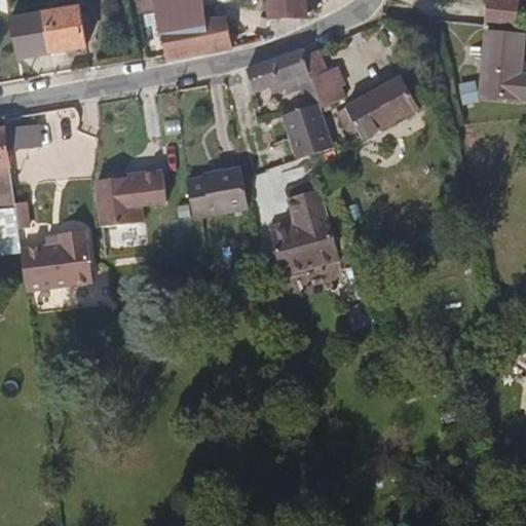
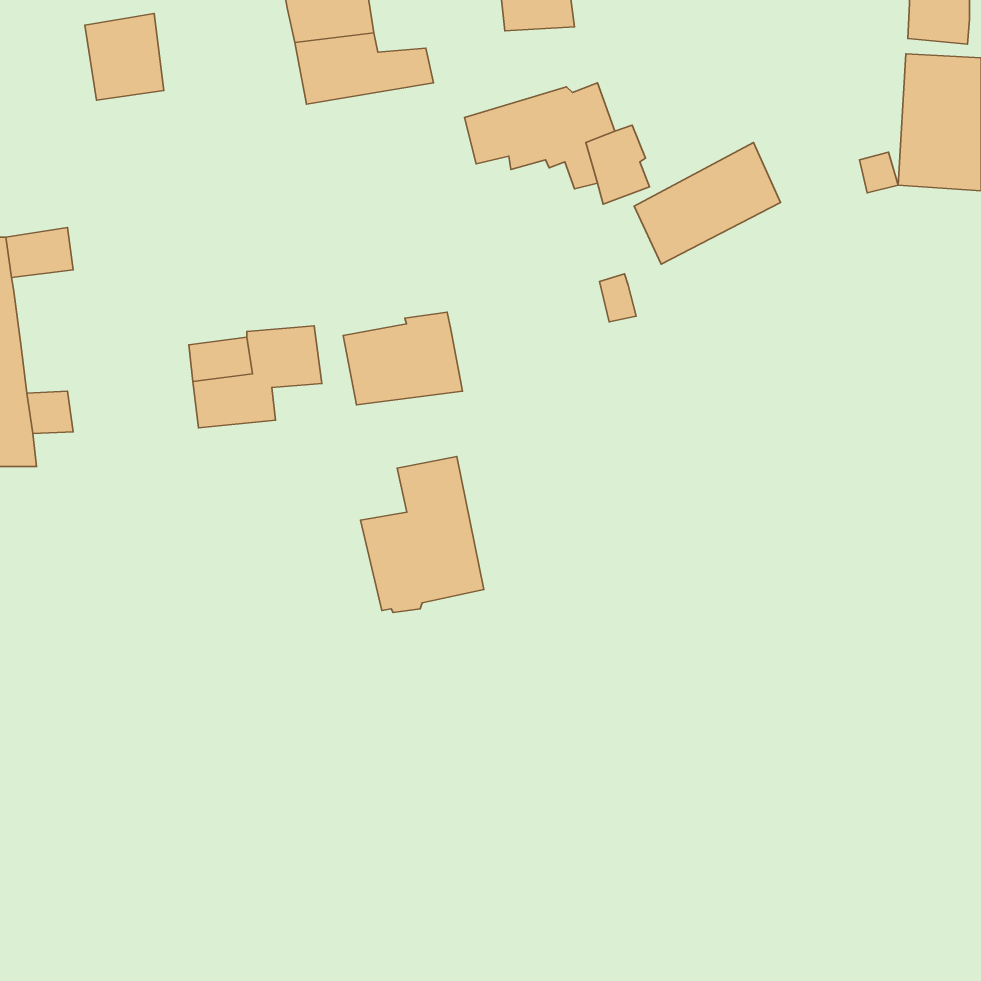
building: [9,13,51,59] -> none
building: [279,98,332,156] -> none
building: [273,193,339,276] -> [360,456,484,613]
building: [24,230,97,290] -> none

